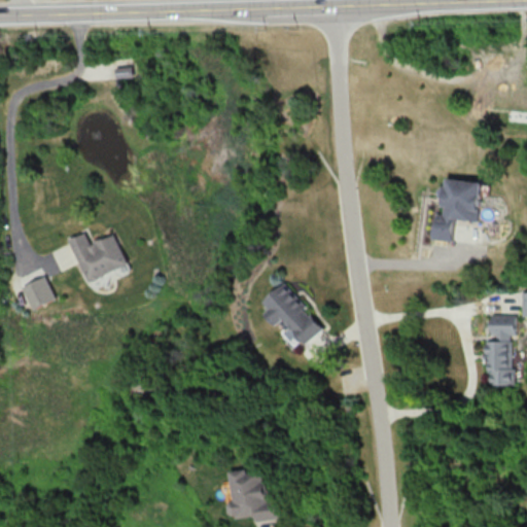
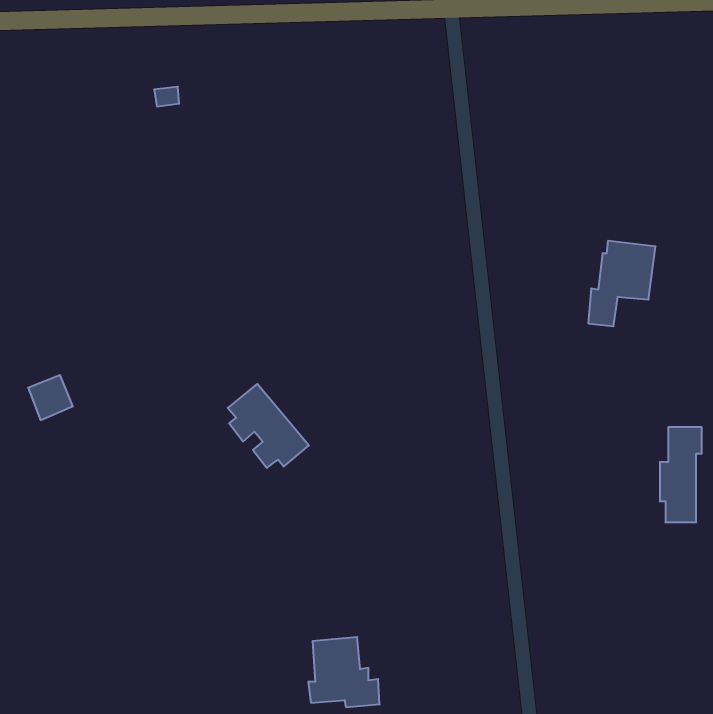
building: [67,233,126,282] -> none
building: [264,284,323,346] -> [228,384,309,468]

